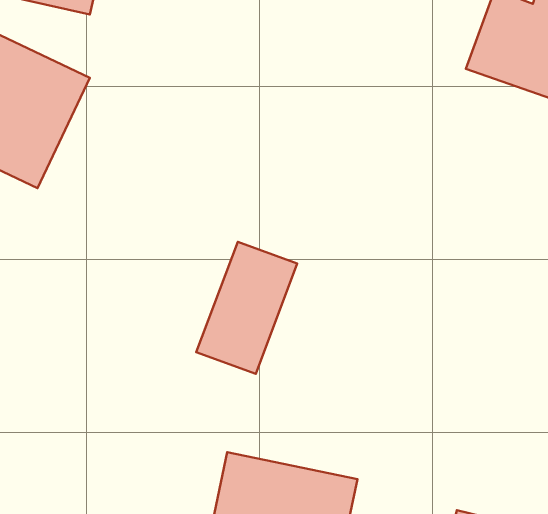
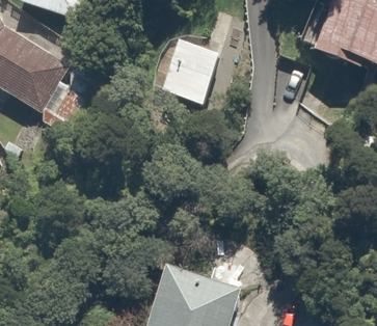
building: [196,242,297,374] -> [160,33,218,109]

